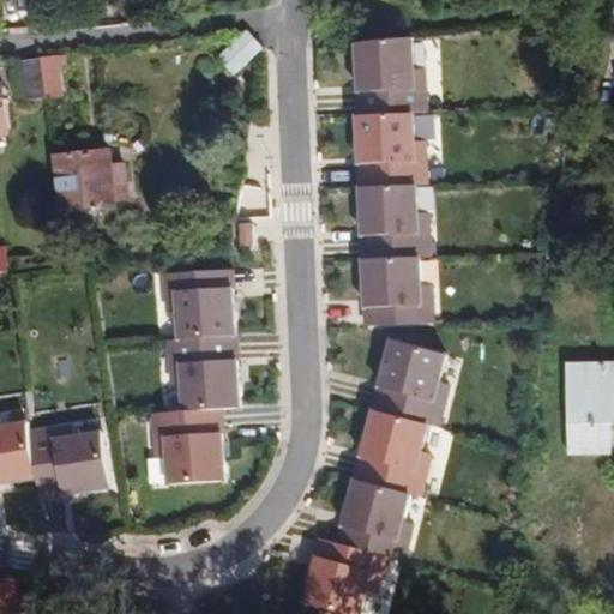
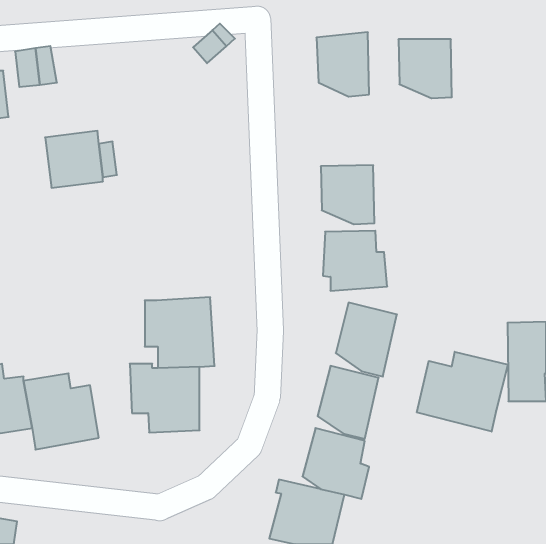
building: [354,113,414,179] -> [398,39,452,98]
building: [157,267,235,336] -> none
building: none -> [417,352,508,432]

